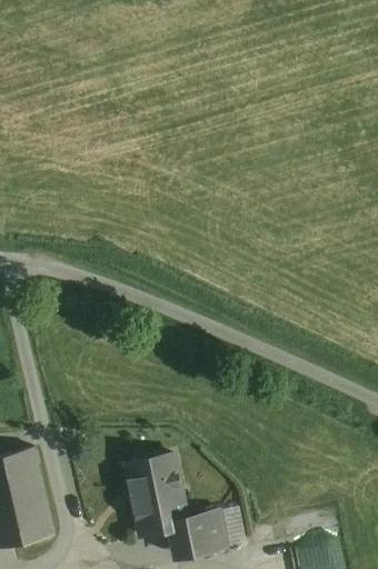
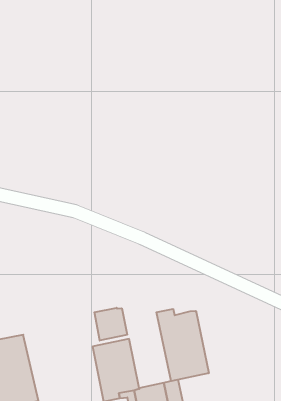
building: none -> [94,308,127,341]
building: none -> [156,309,209,381]

